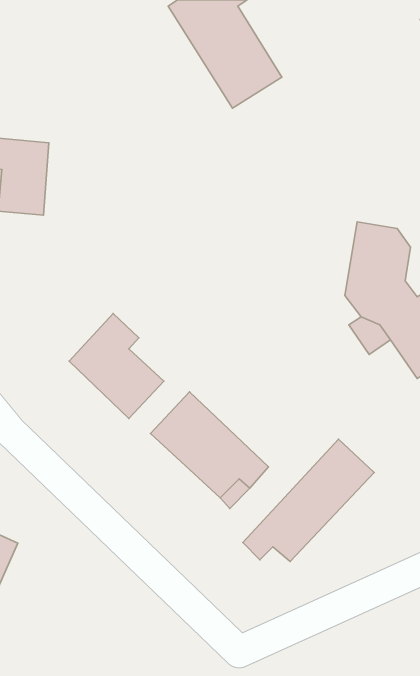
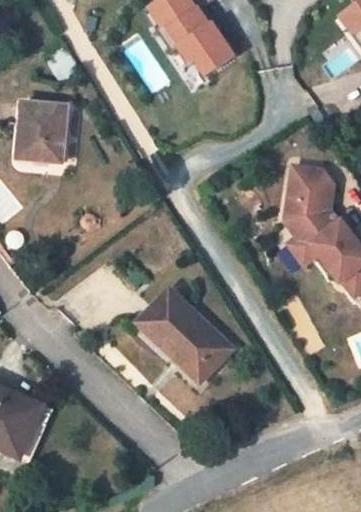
building: [69,314,164,419] -> none
building: [243,439,374,562] -> none

